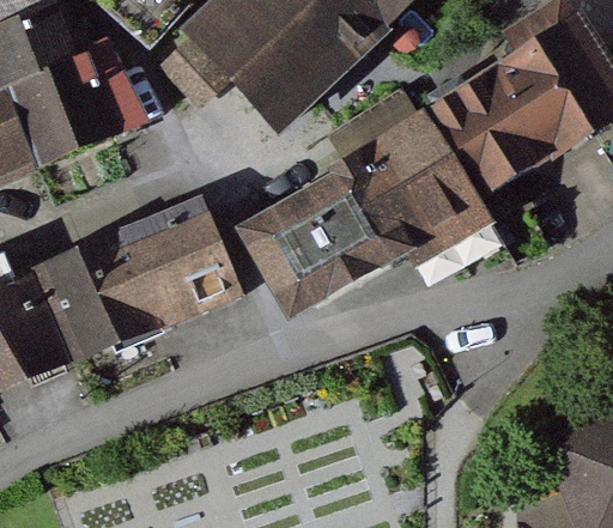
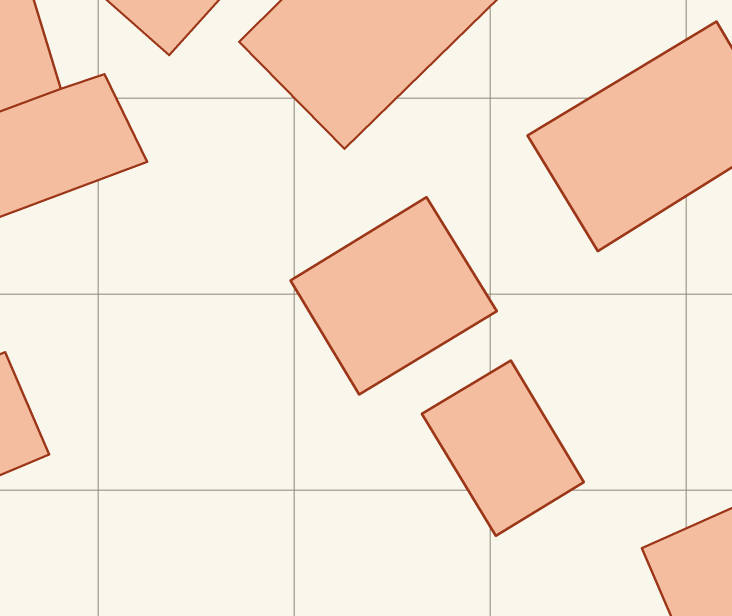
building: [350,111,490,255] -> none
building: [11,205,216,364] -> none
building: none -> [422,361,584,536]

